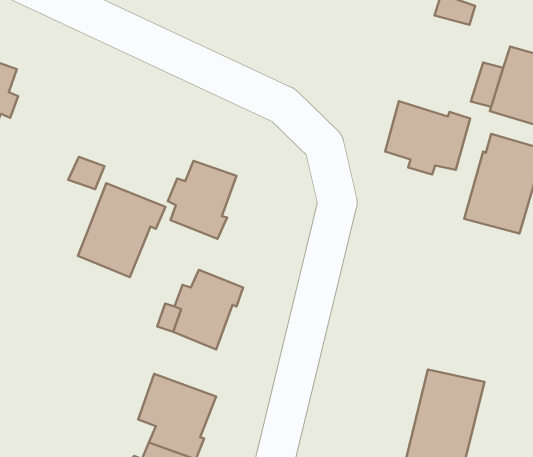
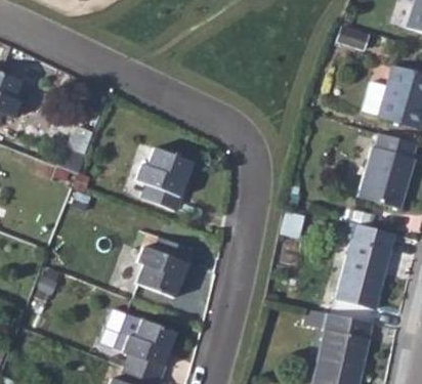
building: [385,101,470,175] -> none
building: [78,183,165,277] -> none
building: none -> [341,219,394,304]

